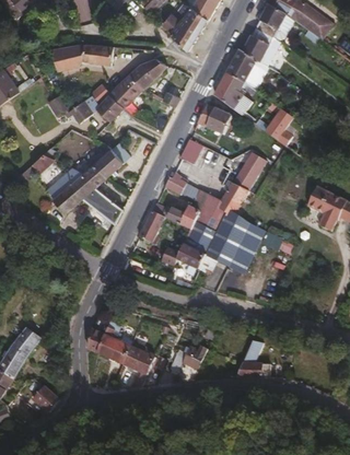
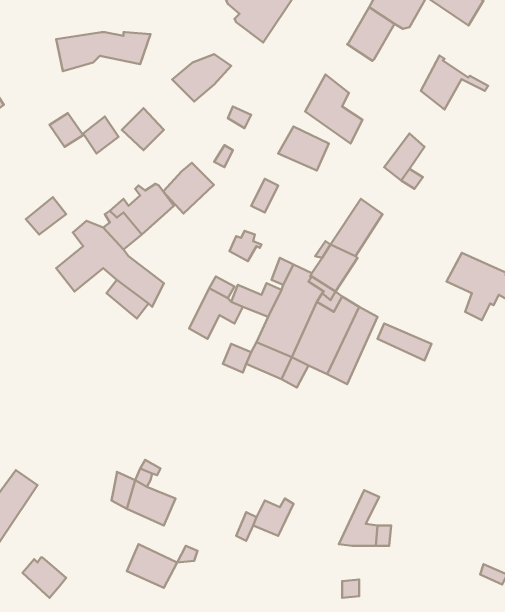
building: [228,48,271,83] -> [421,55,488,109]
building: [109,74,142,107] -> [163,163,214,213]
building: [122,347,155,375] -> [127,544,177,588]

